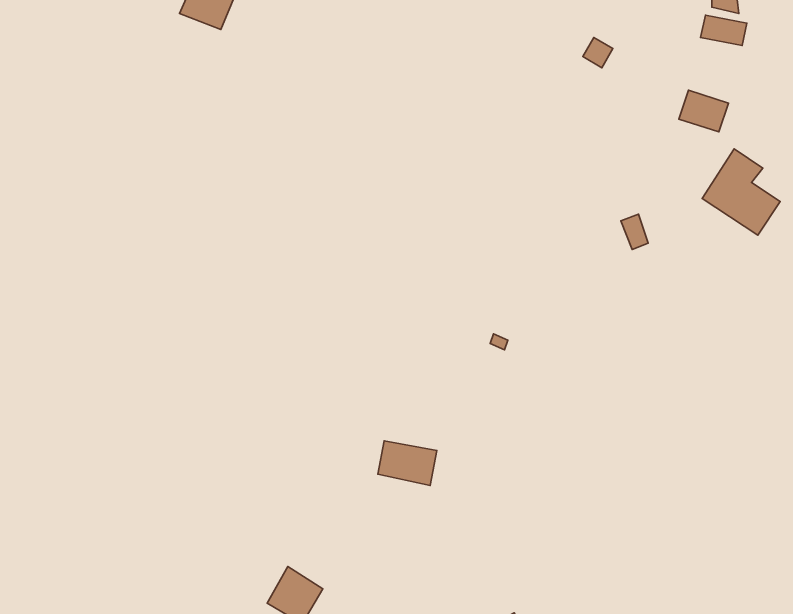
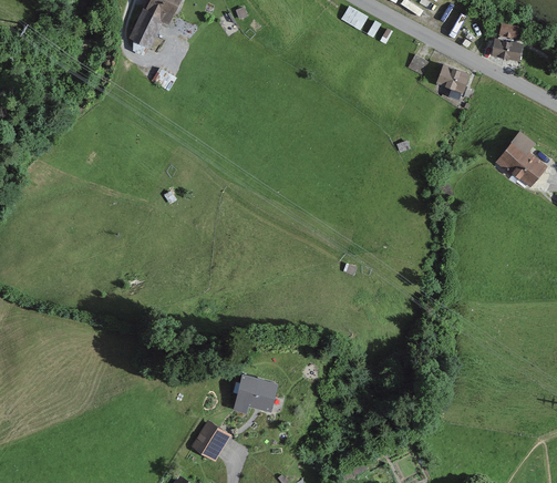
building: [679,90,728,132] -> [435,63,470,92]
building: [378,441,437,485] -> [230,379,271,410]

